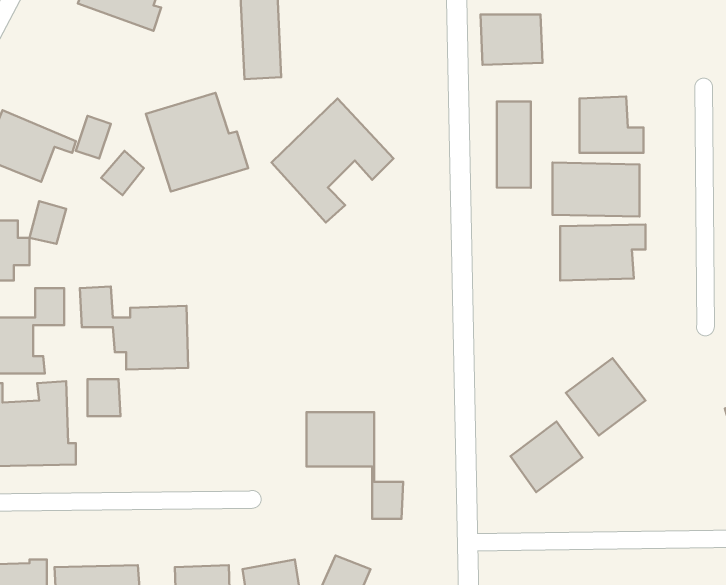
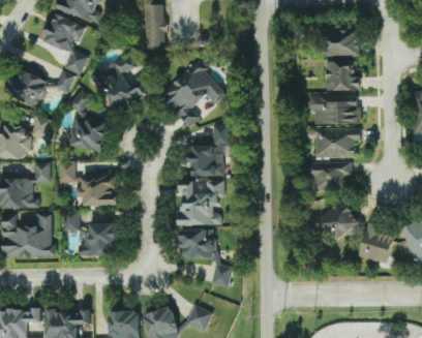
building: none -> [43,13,89,74]
building: [481,15,542,65] -> [325,30,358,57]
building: [497,101,531,188] -> none
building: none -> [68,117,108,152]
building: none -> [189,125,229,176]
building: none -> [314,161,352,190]
building: none -> [178,180,223,225]
building: none -> [84,222,115,255]
building: none -> [358,223,395,264]
building: [510,422,582,492] -> none

